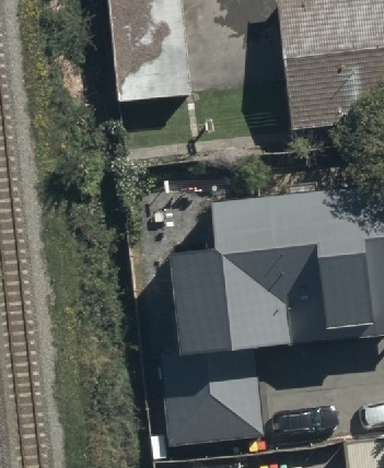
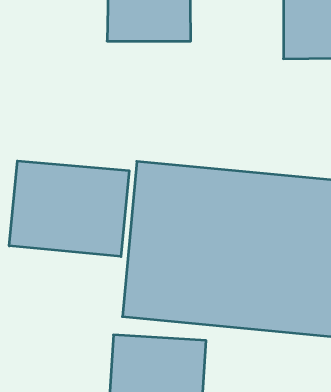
building: none -> [9,161,129,257]

